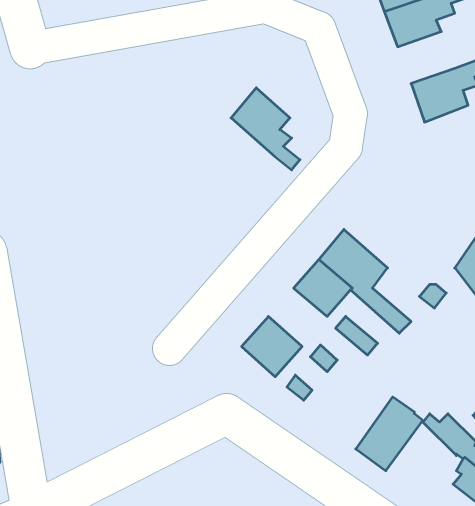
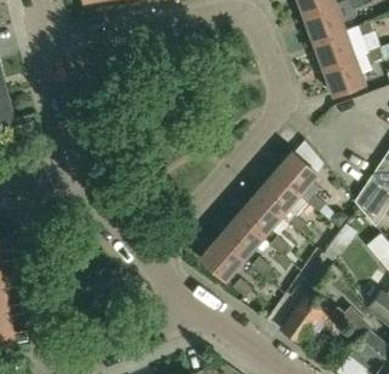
building: none -> [313,30,354,68]
building: [231,88,300,170] -> [274,151,324,210]
building: none -> [220,215,262,257]

